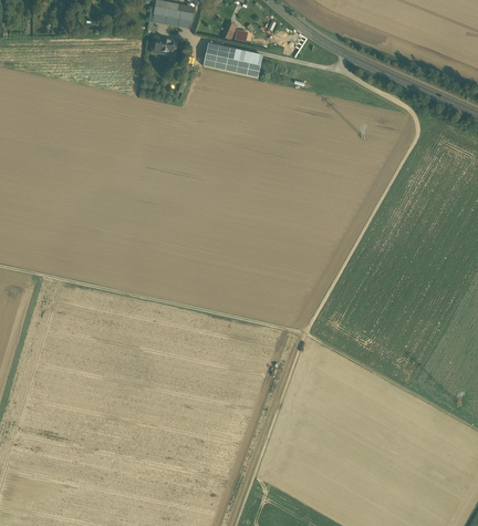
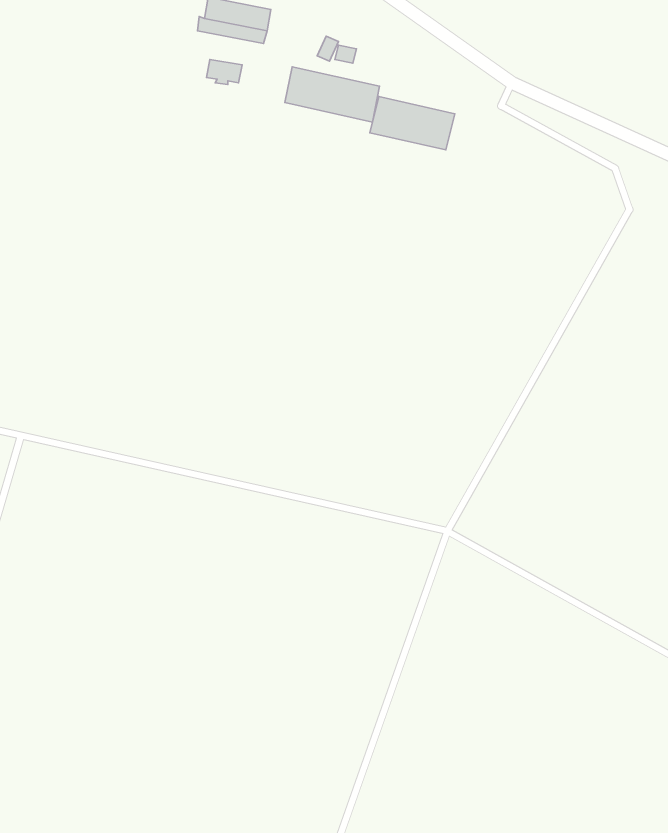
building: none -> [370,97,455,150]

